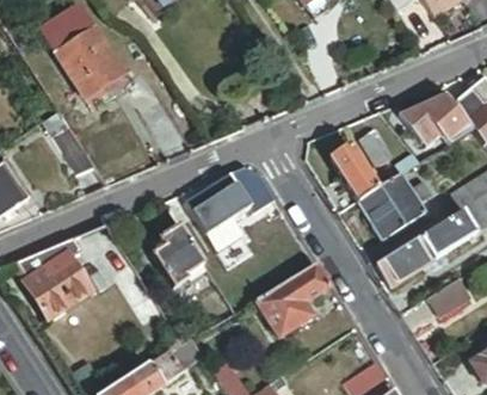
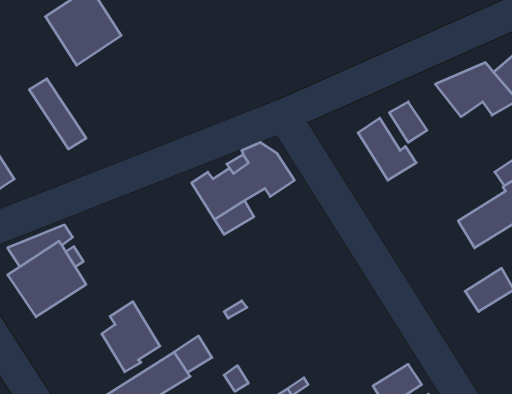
building: [358,173,431,237] -> none
building: [153,226,204,288] -> [102,302,160,372]
building: [376,235,434,285] -> none
building: [254,263,328,335] -> none

